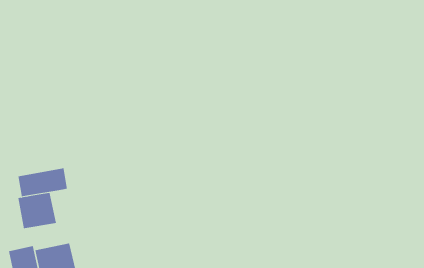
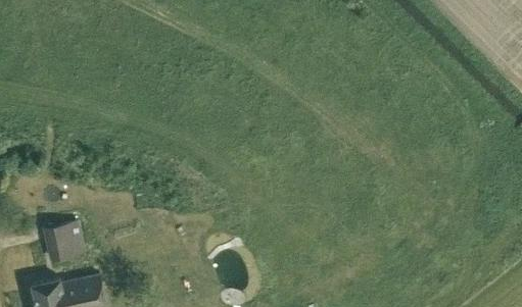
building: [18,168,67,197] -> none

